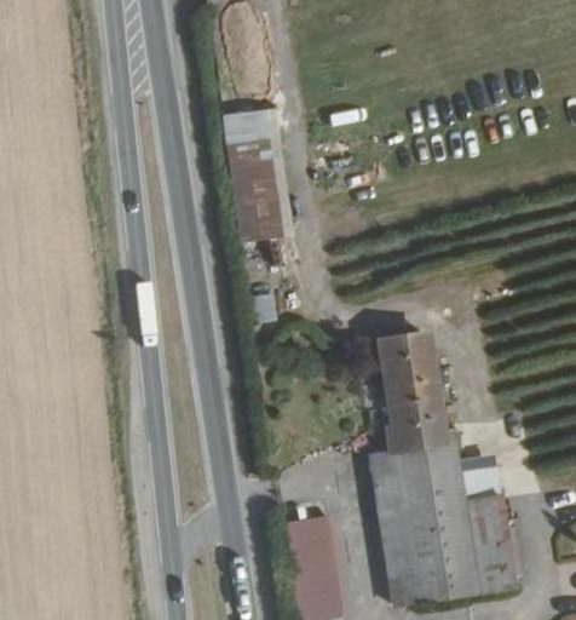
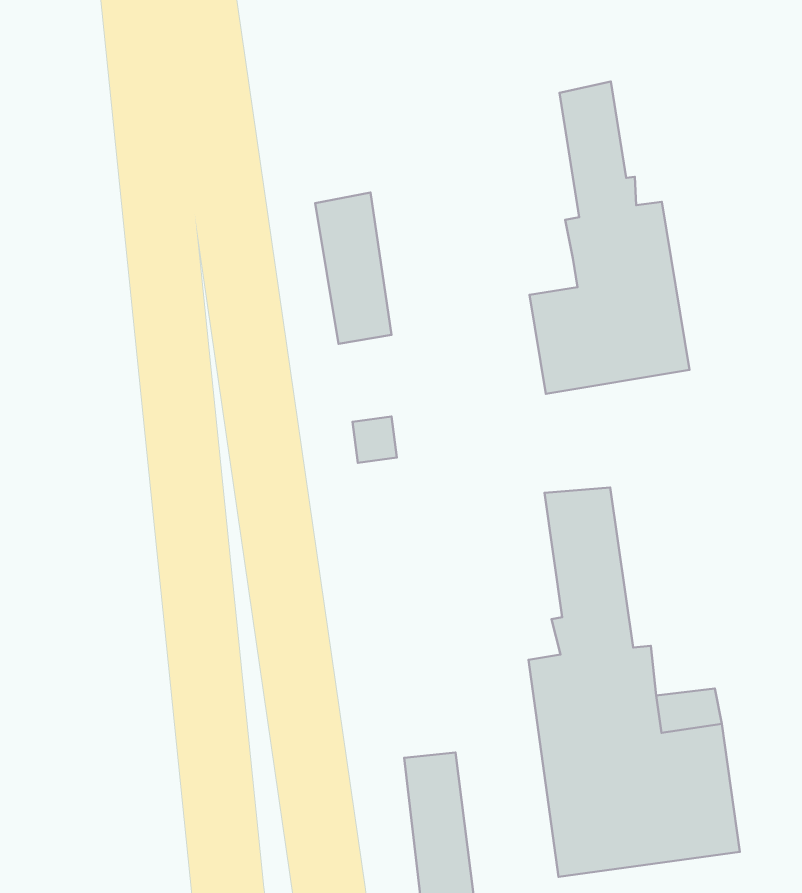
building: none -> [530,81,690,394]

